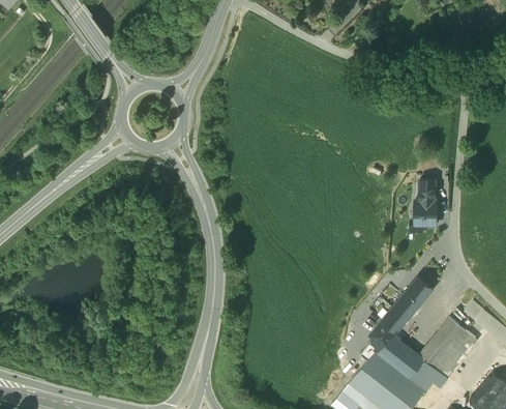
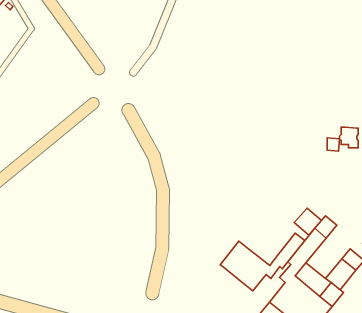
building: [414,199,438,225] -> [339,127,358,148]
building: none -> [294,208,322,235]
building: none -> [220,233,305,291]

